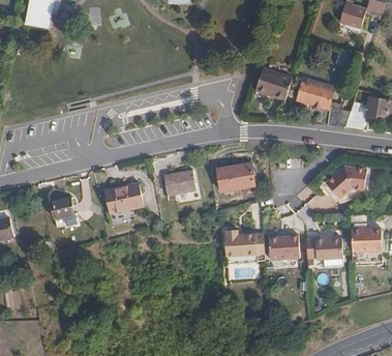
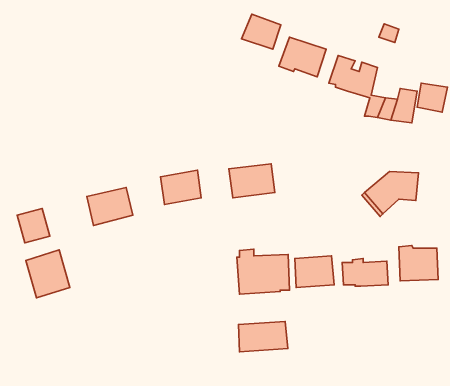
building: none -> [242,14,281,49]
building: none -> [26,250,70,298]
building: none -> [239,321,288,352]

